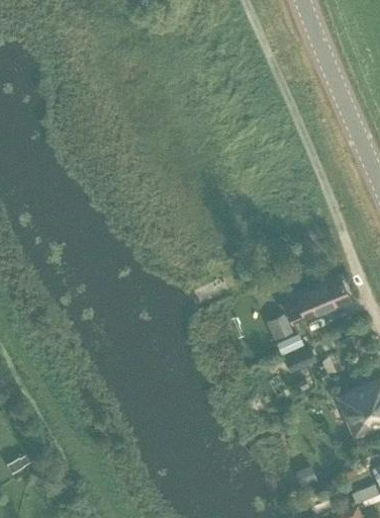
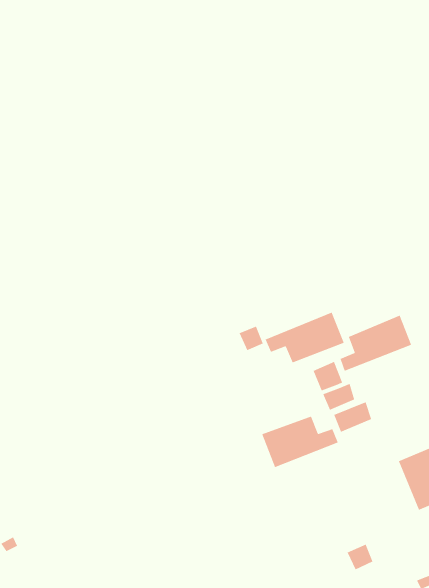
building: none -> [265,311,345,364]
building: none -> [261,415,339,468]

